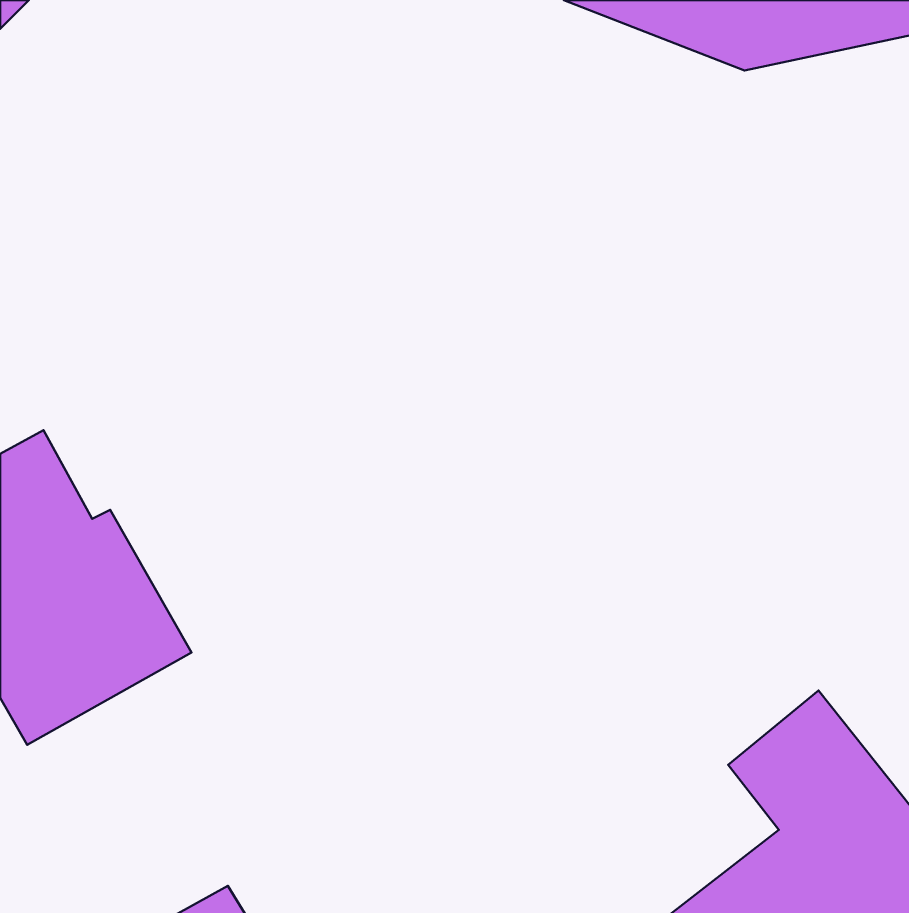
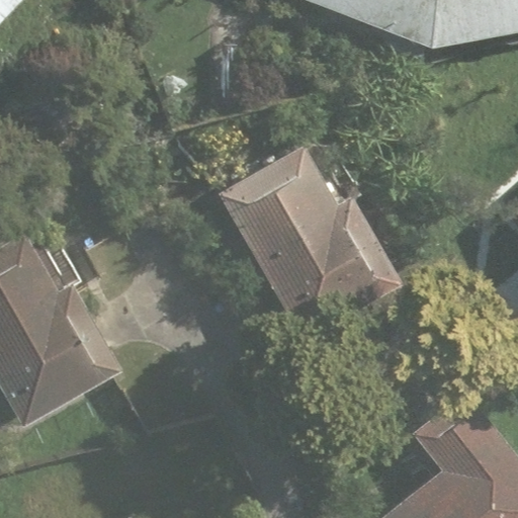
building: none -> [222,141,388,320]

